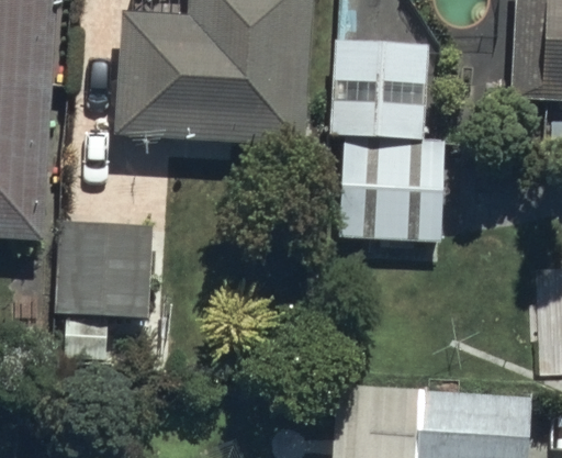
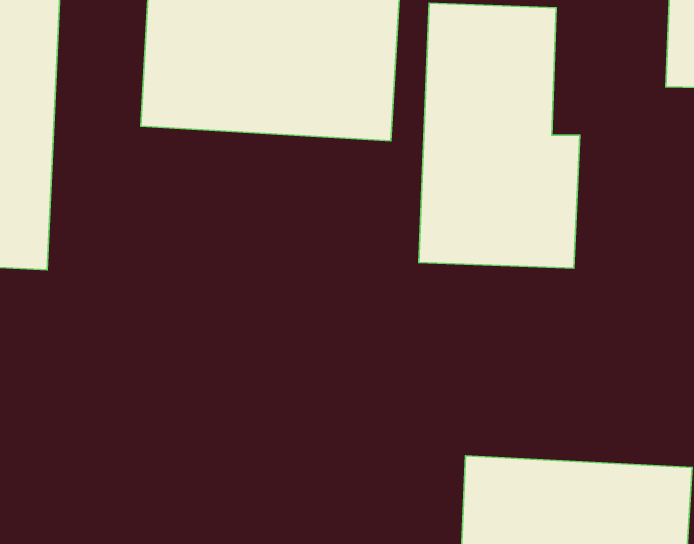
building: [55,221,153,316] -> none

